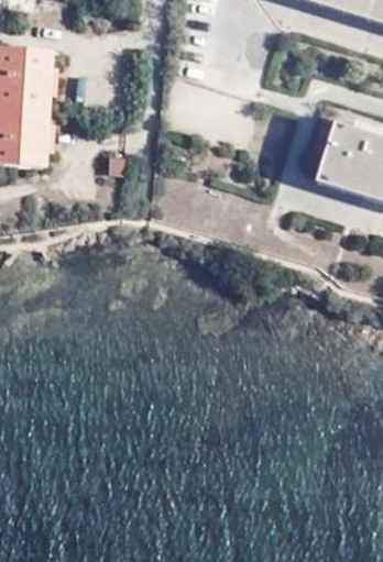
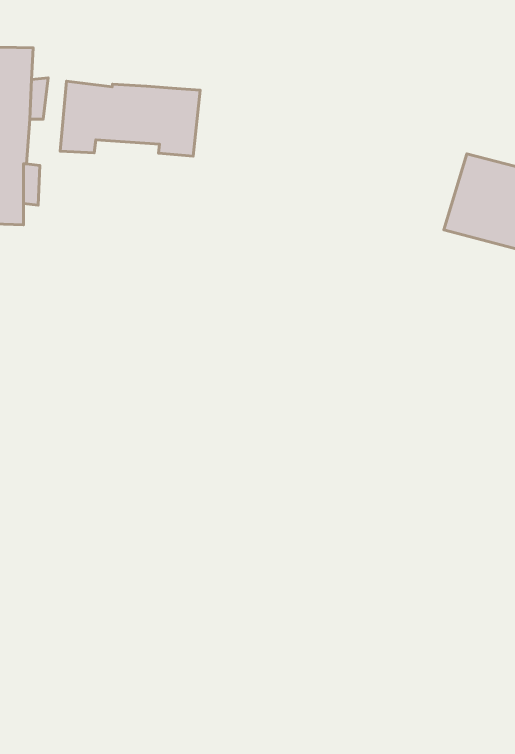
building: none -> [60,81,200,156]

